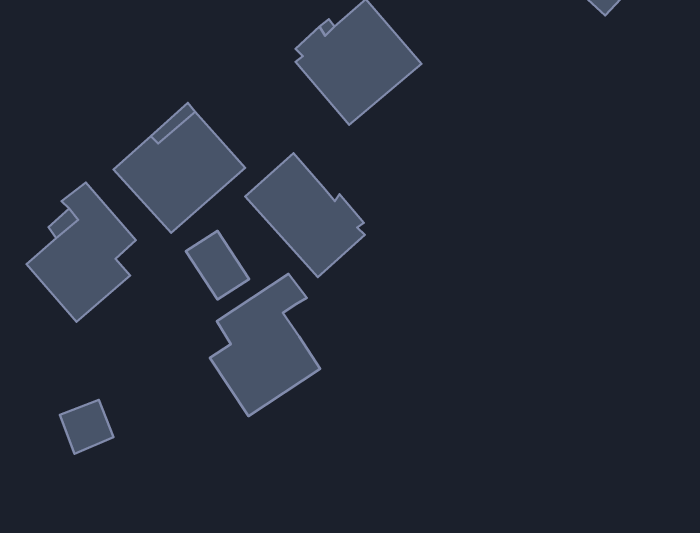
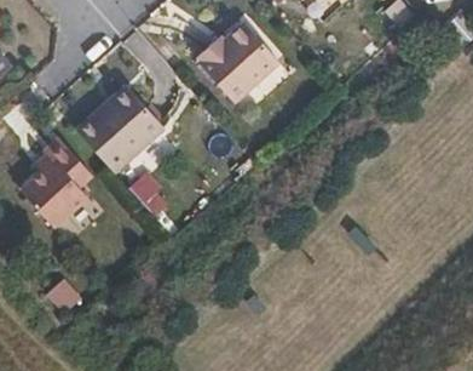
building: [245,153,365,277] -> none
building: [210,274,320,416] -> none

